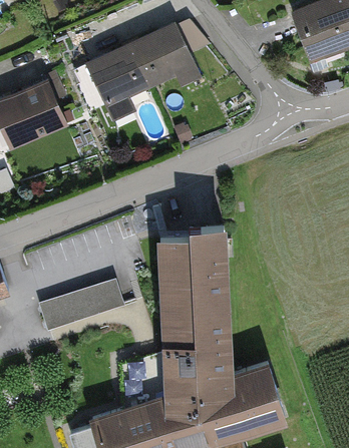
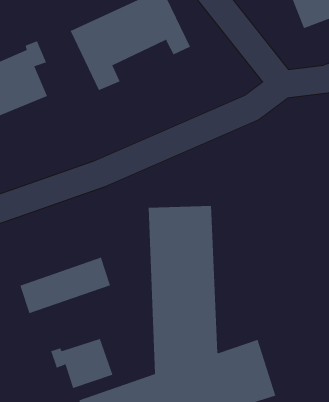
building: none -> [51,338,113,389]

